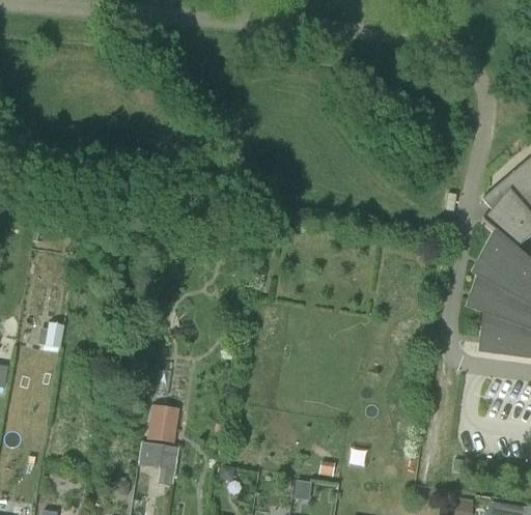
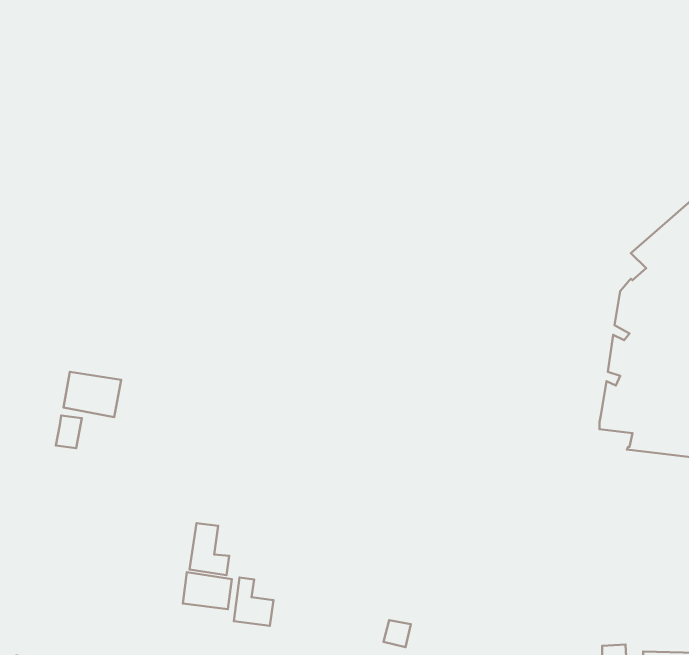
building: none -> [64,372,121,417]
building: none -> [234,578,274,626]

